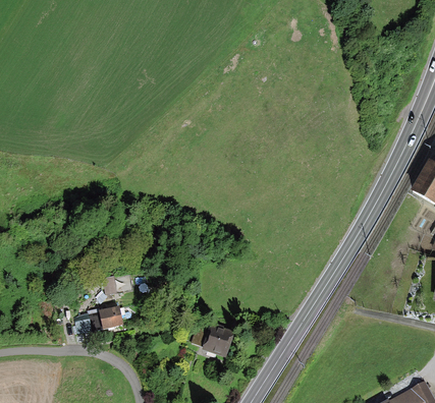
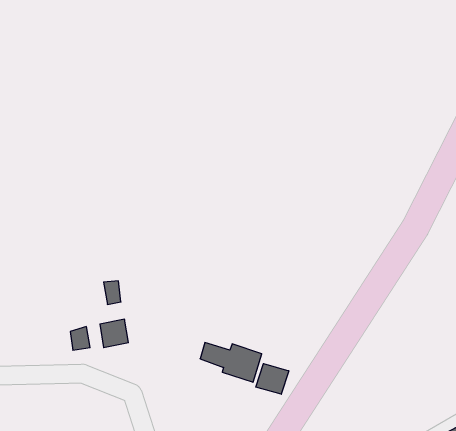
building: none -> [256,364,289,394]

